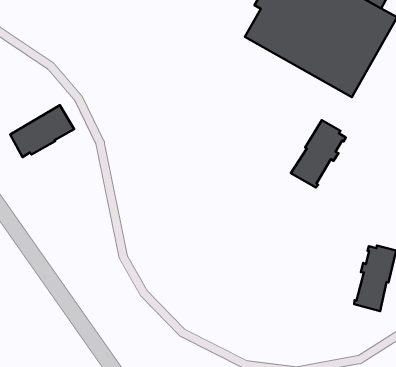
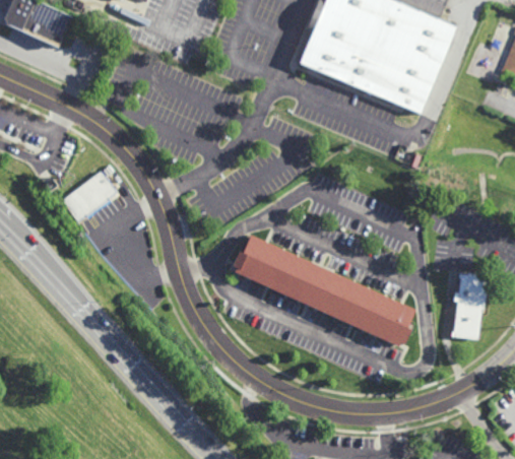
building: [291,120,346,188] -> none
building: none -> [230,233,415,346]

